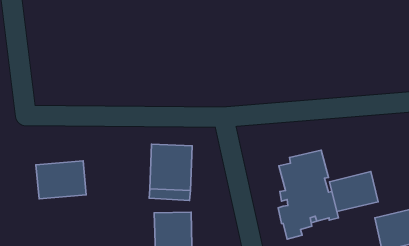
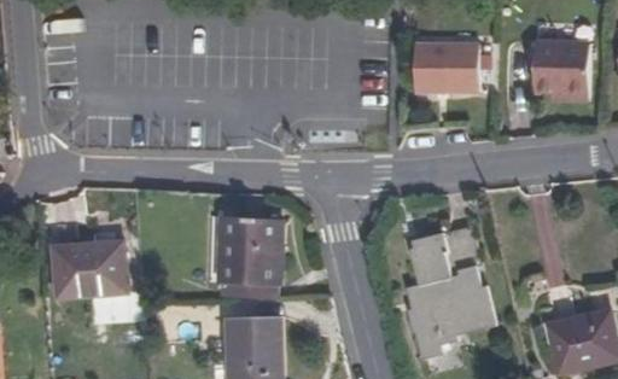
building: none -> [534,40,589,101]
building: none -> [414,43,479,92]
building: [330,171,378,211] -> none

